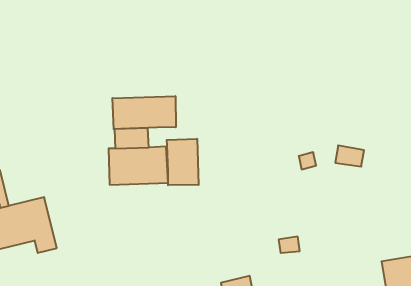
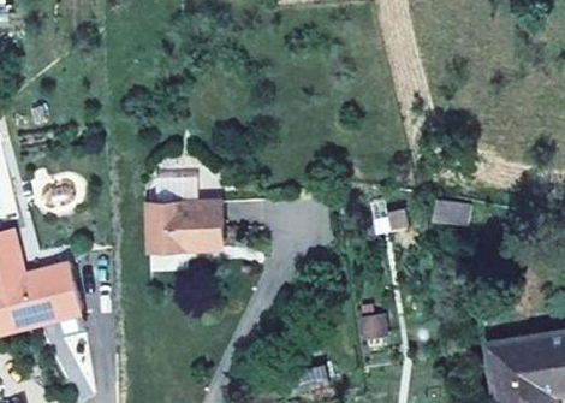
building: [112,96,176,129] -> none
building: [167,139,199,185] -> none

